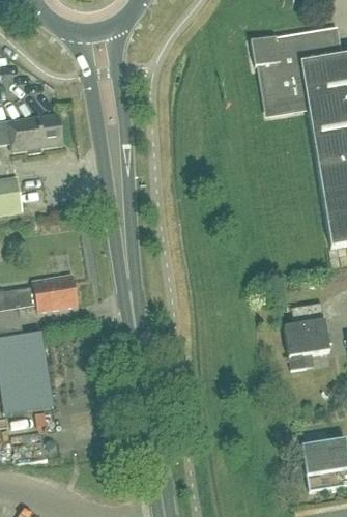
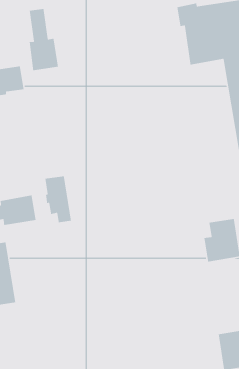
building: none -> [29,8,59,71]
building: none -> [44,176,72,223]

